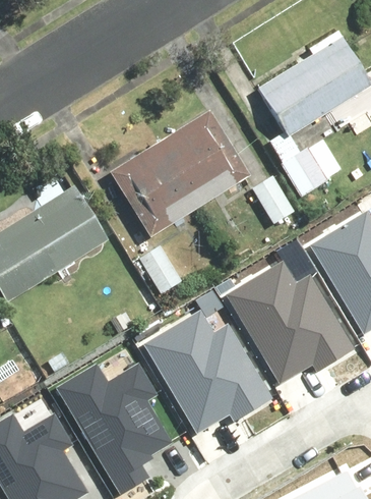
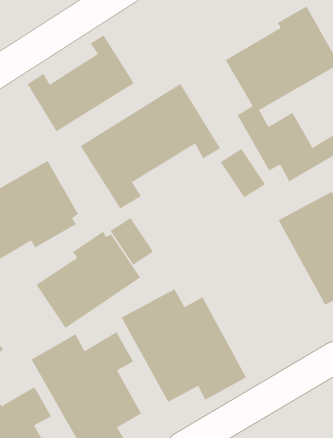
building: none -> [27,34,134,132]
building: none -> [36,231,141,329]
building: [228,262,357,379] -> none

